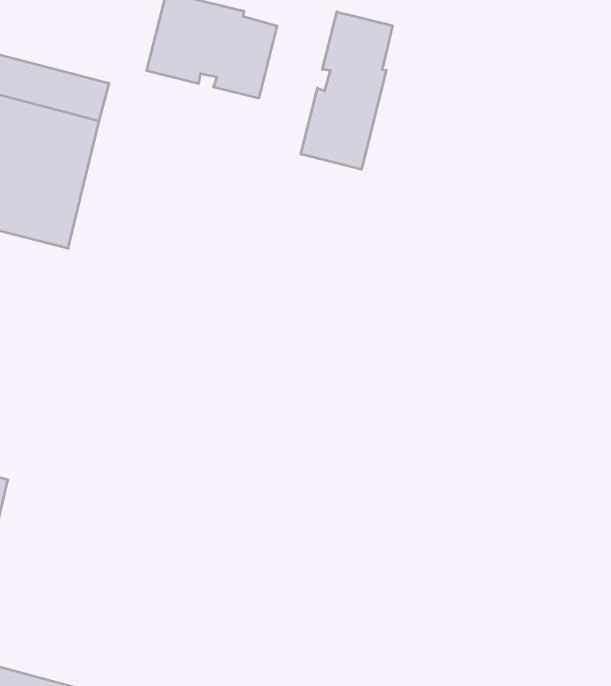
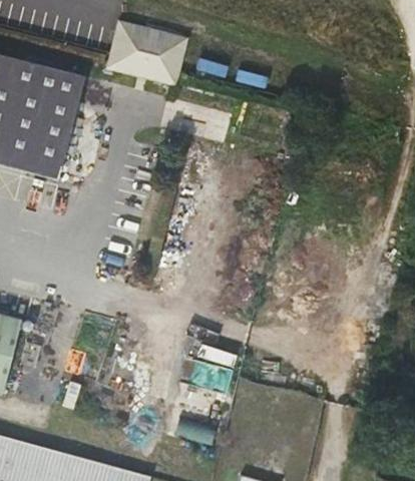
building: [301,12,392,169] -> none

